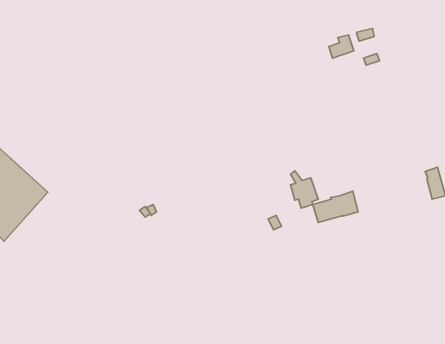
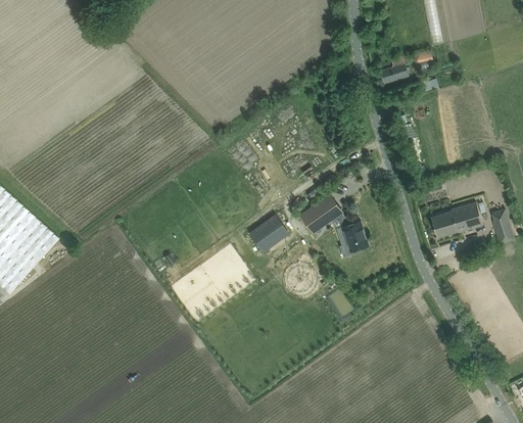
building: none -> [300,195,342,233]
building: none -> [245,216,283,249]
building: [313,191,358,223] -> [430,201,482,237]

